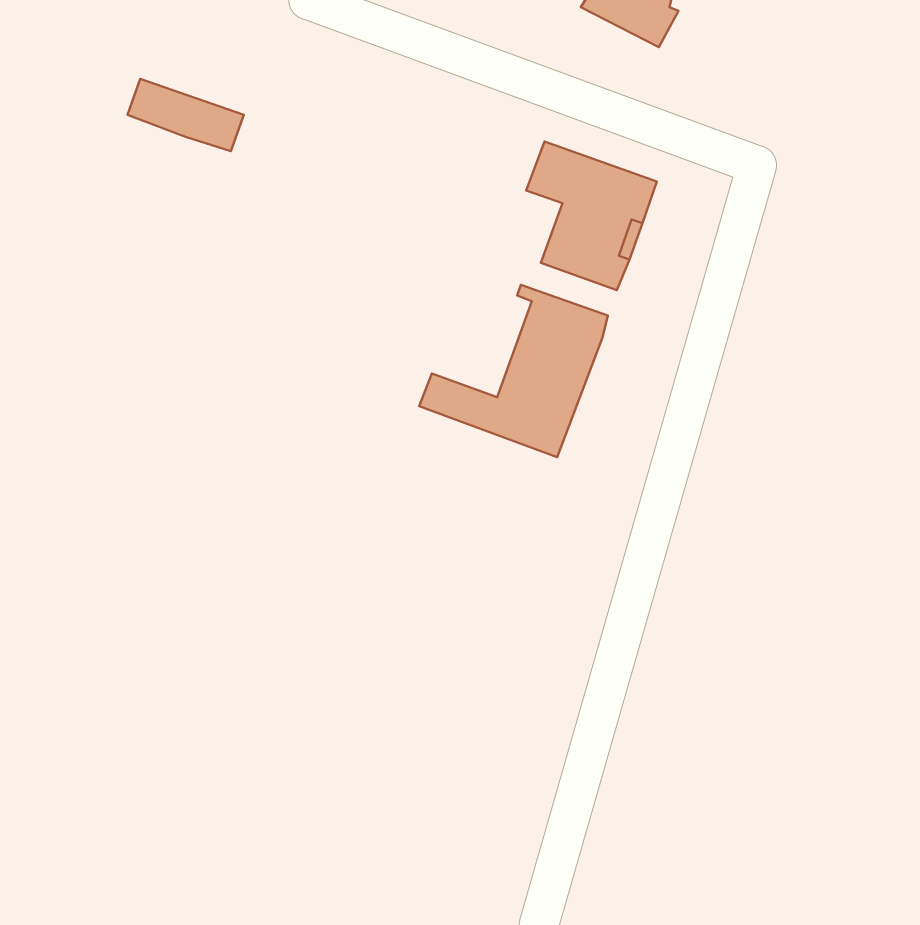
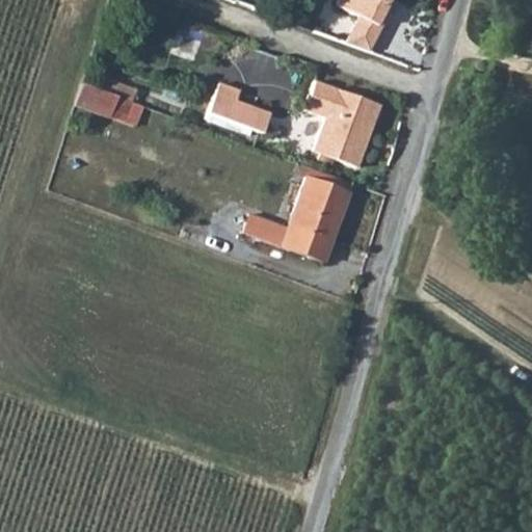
building: [128,79,244,151] -> [77,83,143,125]
building: none -> [209,82,271,132]

